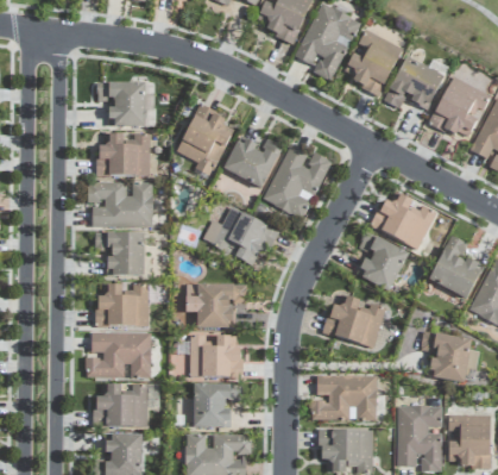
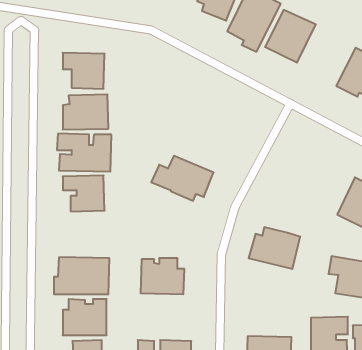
building: [385,57,445,110] -> none
building: [175,104,234,176] -> none
building: [223,136,284,188] -> none
building: [264,145,332,219] -> none
building: [371,192,436,249] -> none
building: [357,232,409,290] -> none
building: [94,283,149,326] -> none
building: [187,283,247,329] -> none
building: [311,375,378,420] -> none
building: [194,383,240,427] -> none

